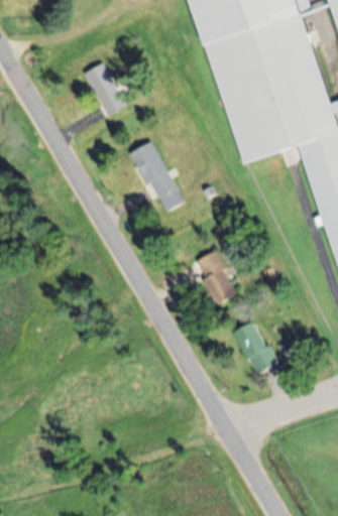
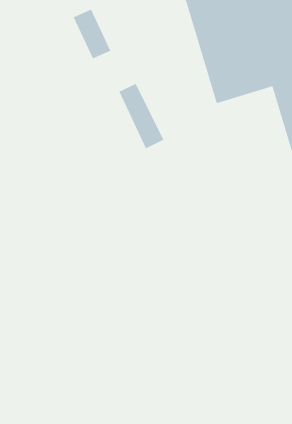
building: [195,251,237,305] -> none
building: [234,320,276,373] -> none

